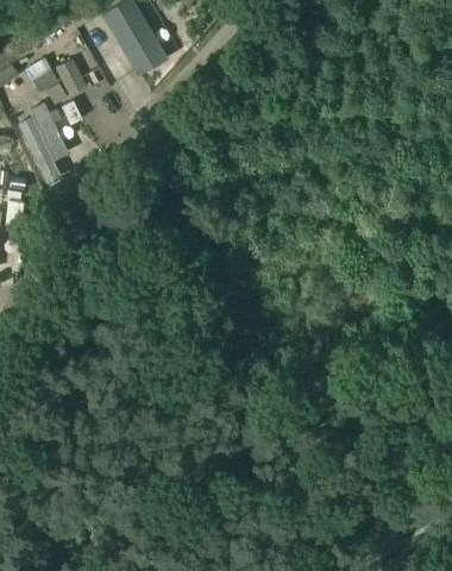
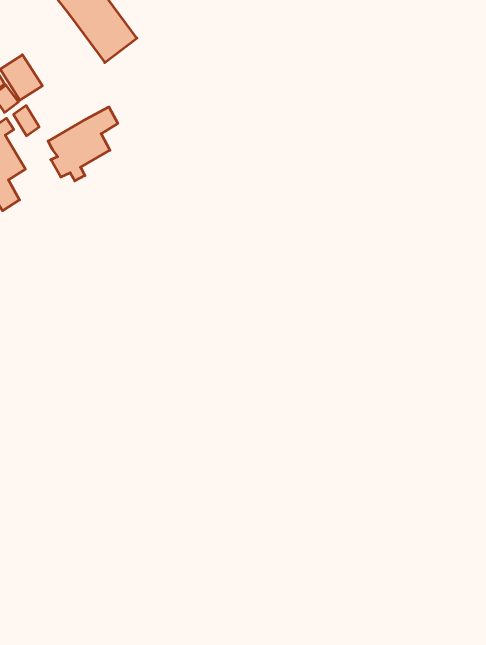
building: none -> [48,107,118,181]

